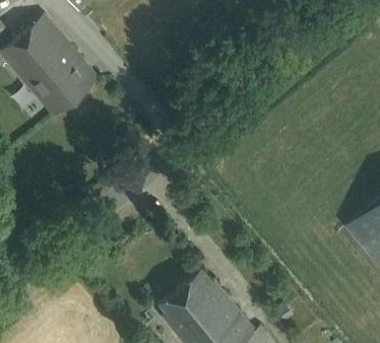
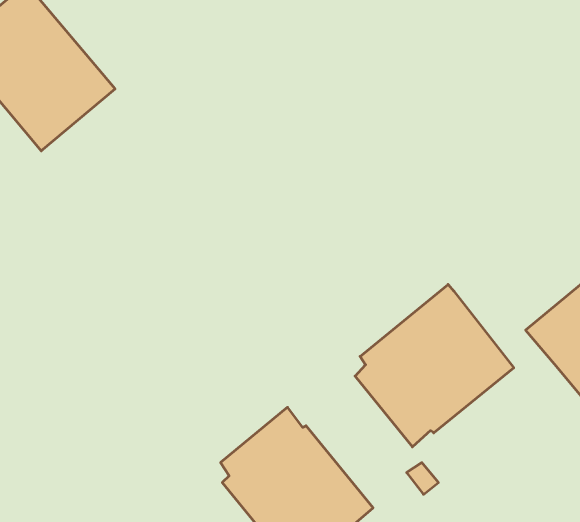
building: none -> [355,284,514,447]

